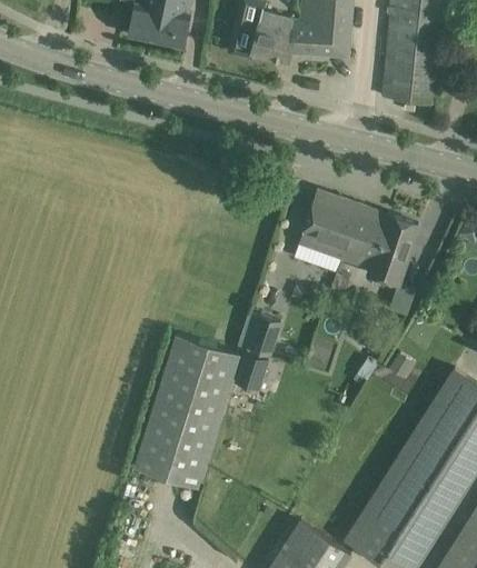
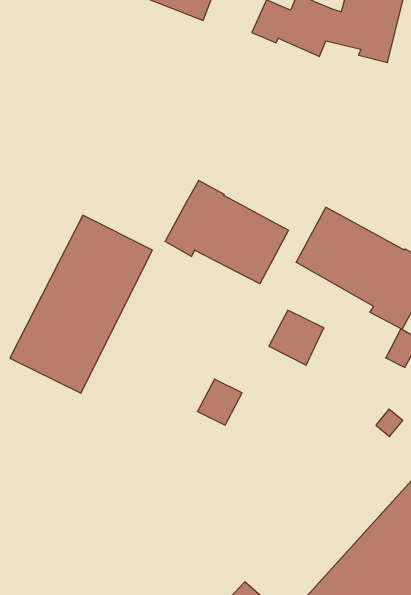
building: none -> [165,180,288,284]
building: [237,312,281,357] -> [269,310,324,365]
building: [135,335,241,487] -> [10,215,152,393]

